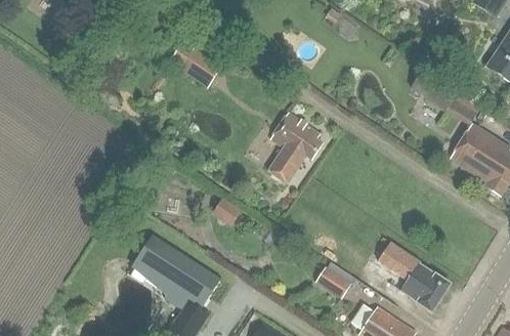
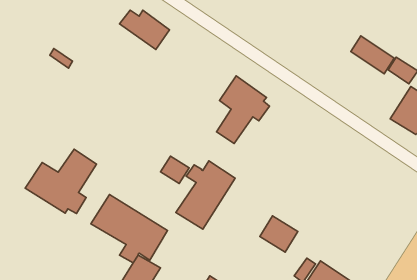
building: none -> [25,149,97,214]
building: none -> [176,161,235,229]
building: [379,242,450,308] -> none

